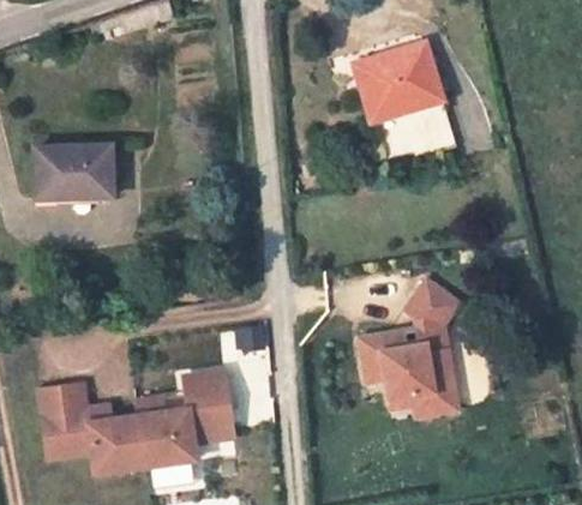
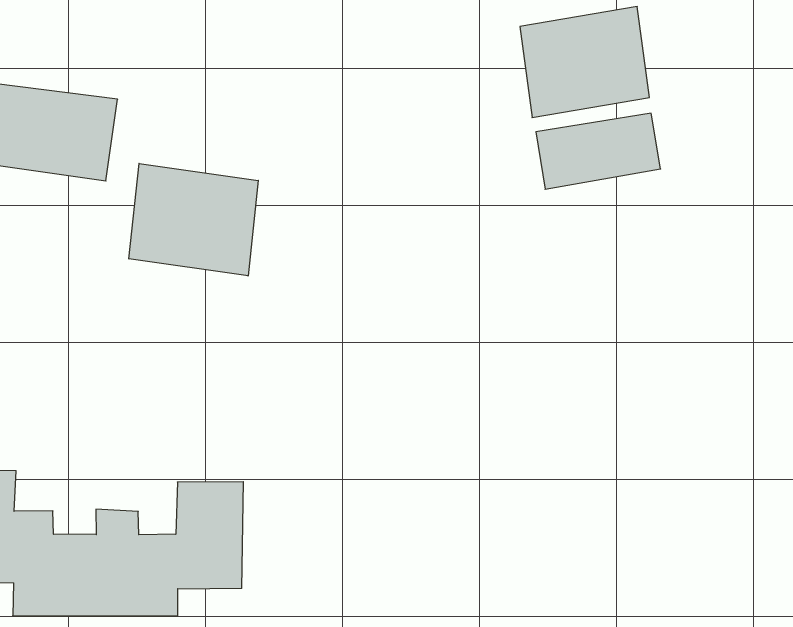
building: none -> [129,163,258,276]
building: [359,278,457,415] -> none

